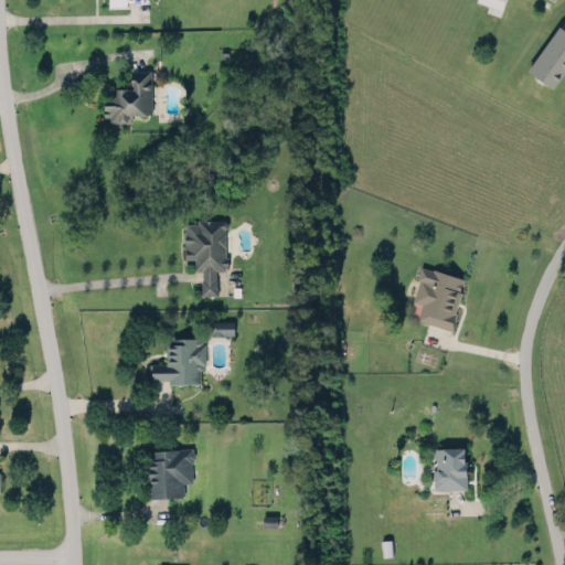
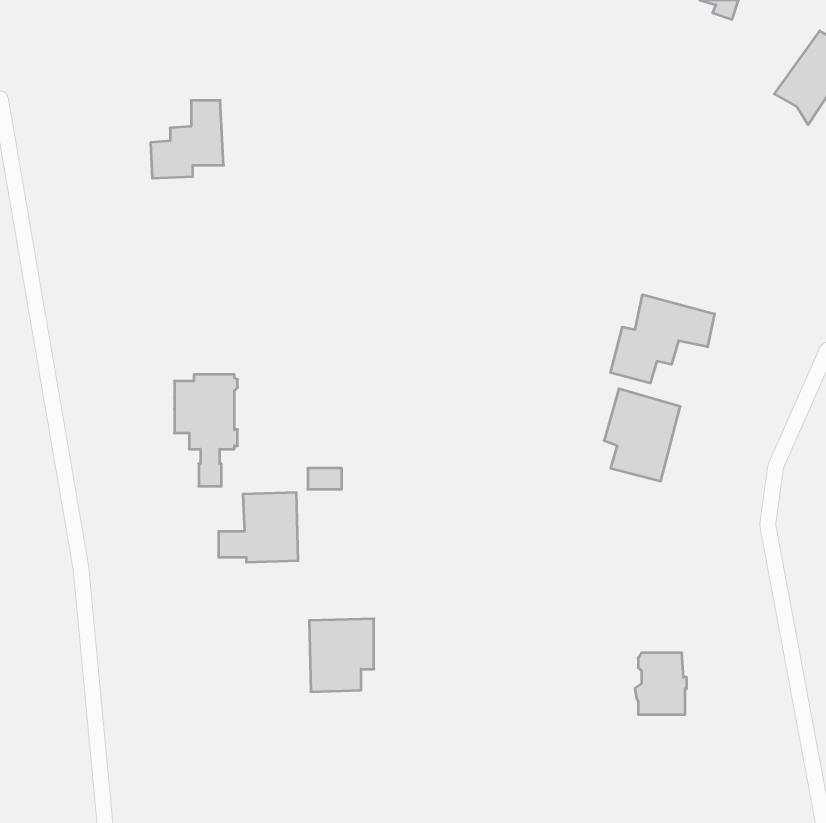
building: none -> [611,295,715,383]
building: [185,220,228,296] -> [174,375,238,486]
building: [149,450,193,500] -> [309,619,374,692]

